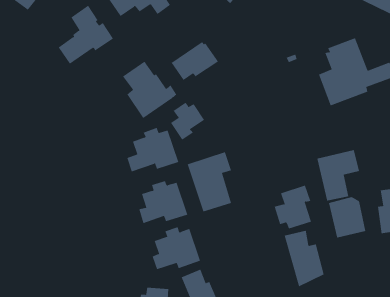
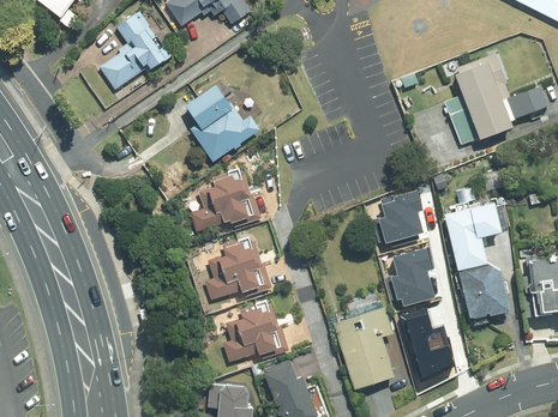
building: [171,41,219,81] -> none
building: [170,102,205,141] -> none
building: none -> [373,189,422,247]
building: [187,152,232,212] -> [332,307,392,387]

